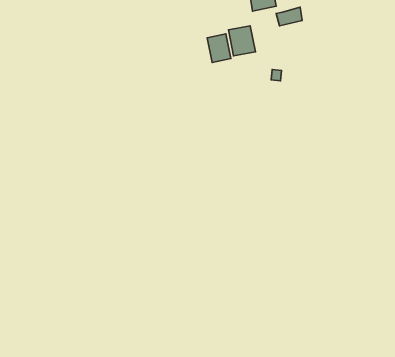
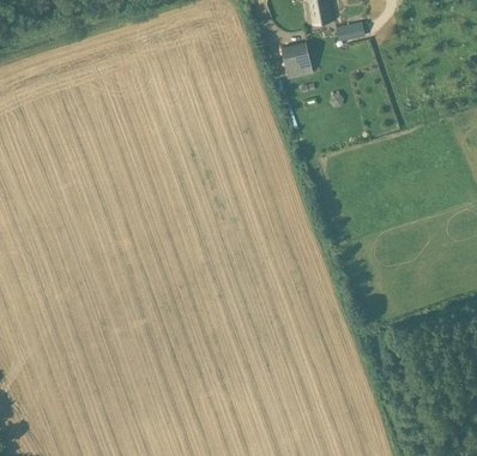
building: [207,34,231,62] -> none

